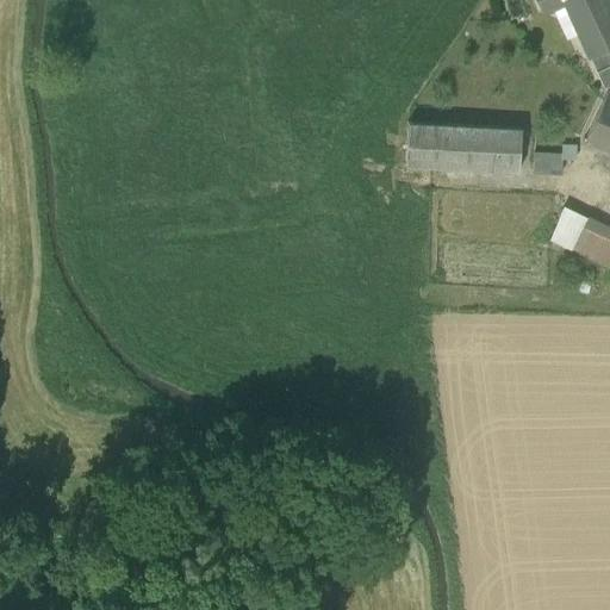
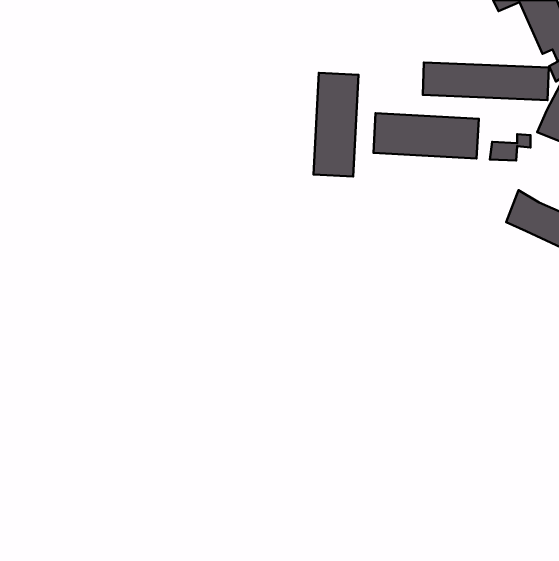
building: none -> [423,62,549,100]
building: none -> [314,73,359,176]

